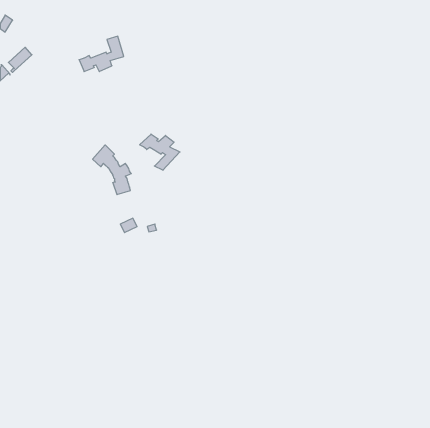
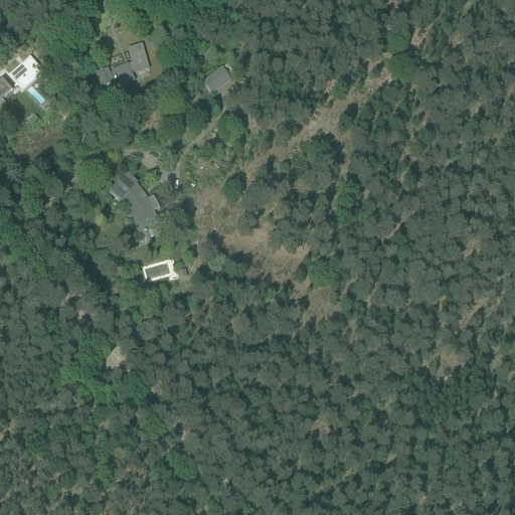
building: none -> [201,65,231,94]
building: [140,134,180,170] -> none

